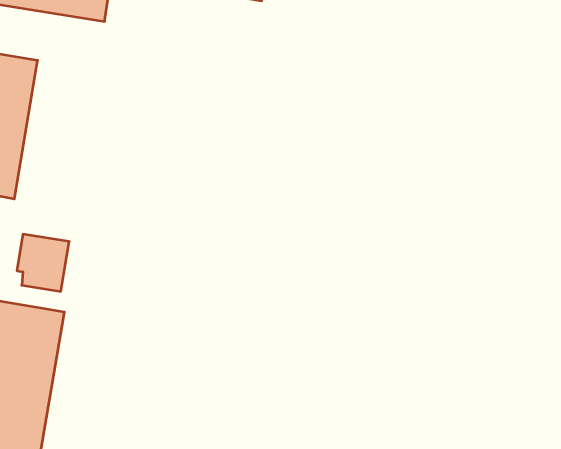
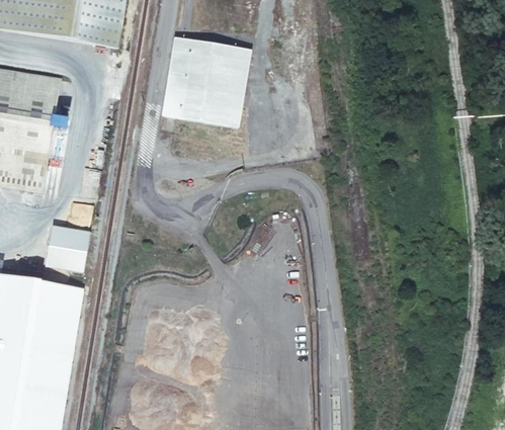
building: none -> [161,36,251,128]

